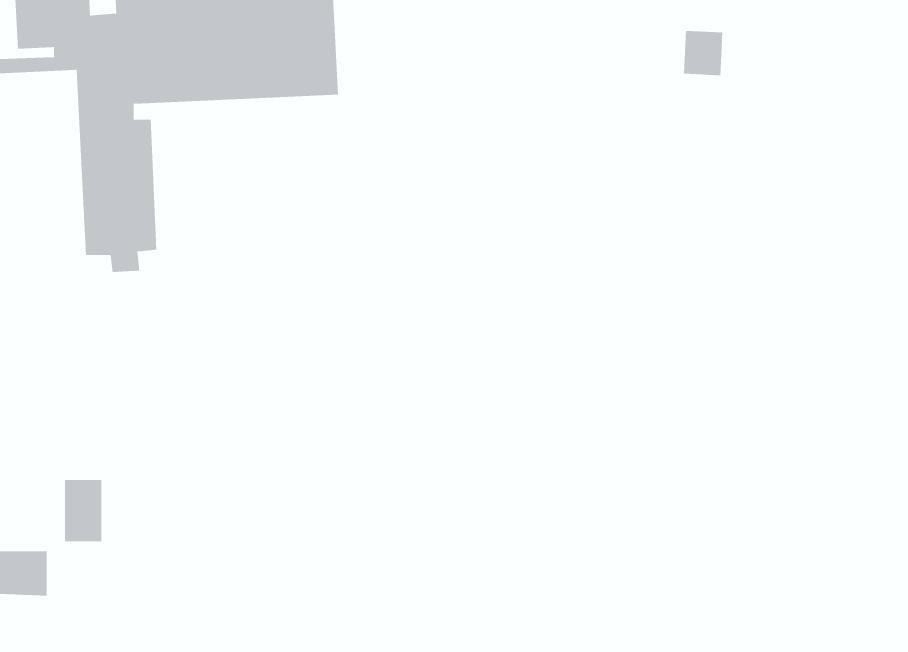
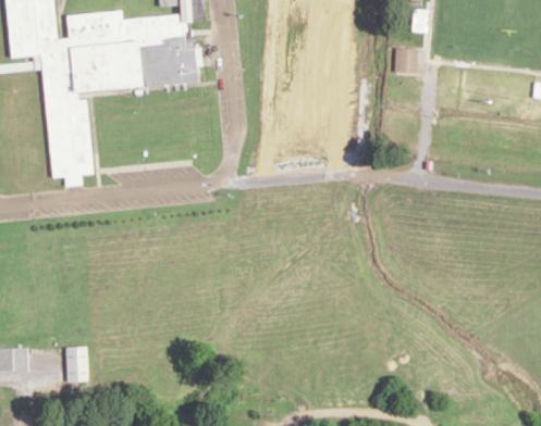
building: [64,479,102,542] -> [65,346,87,381]

